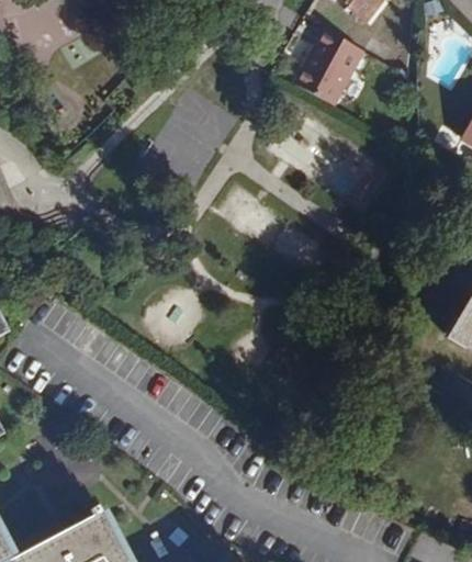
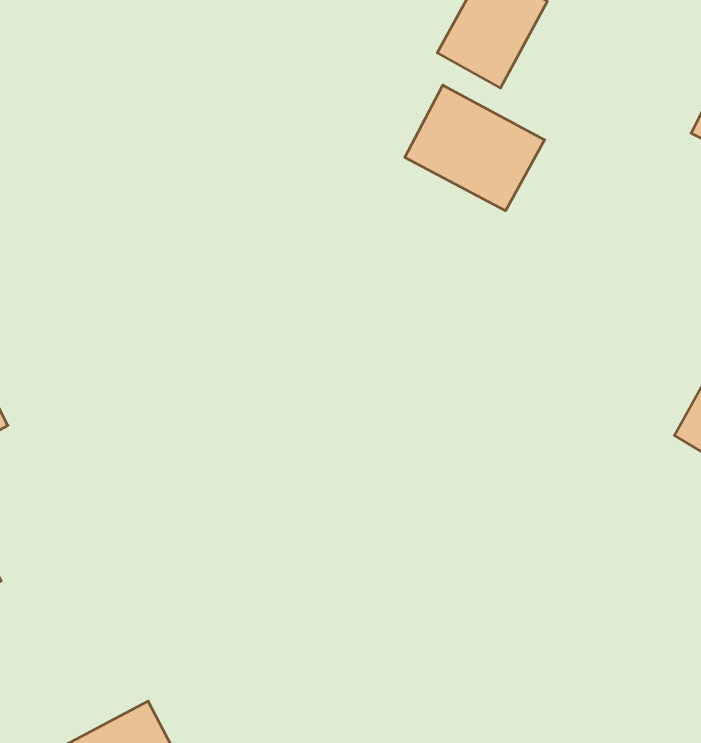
building: none -> [405,85,545,211]

